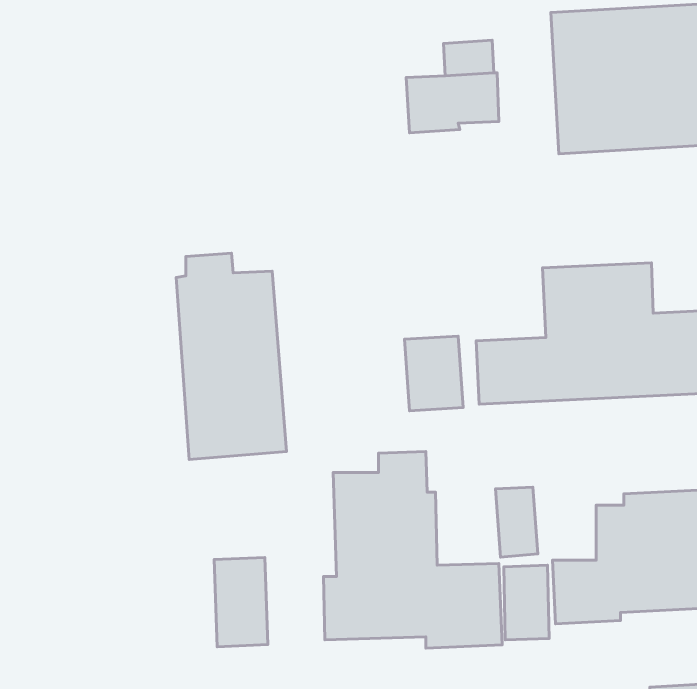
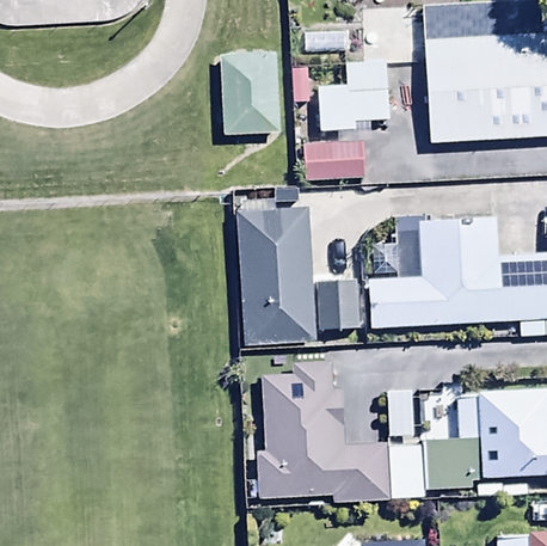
building: none -> [219,53,278,137]
building: none -> [301,141,361,179]
building: [176,253,287,460] -> [235,196,316,348]
building: [214,557,268,647] -> none

